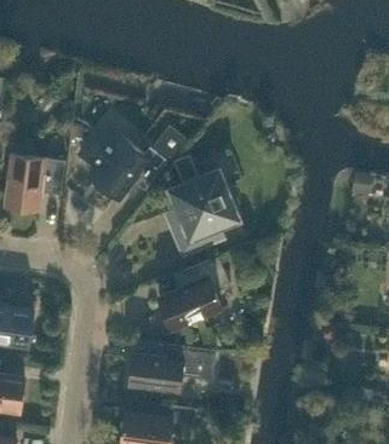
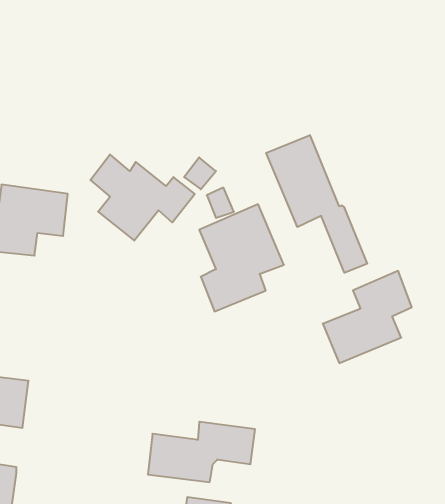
building: none -> [266,135,367,273]
building: [158,256,229,330] -> [323,271,412,363]

